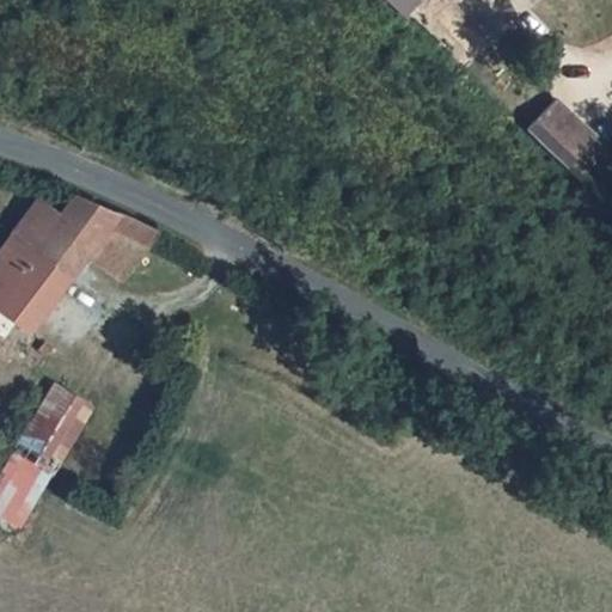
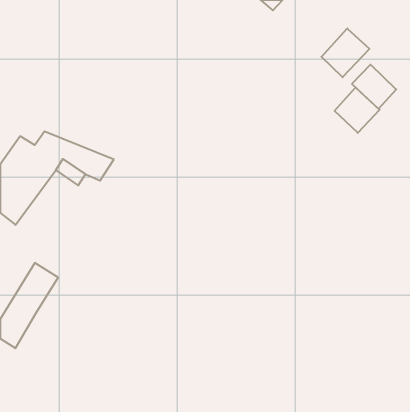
building: none -> [321,28,369,77]
building: none -> [335,88,380,133]

